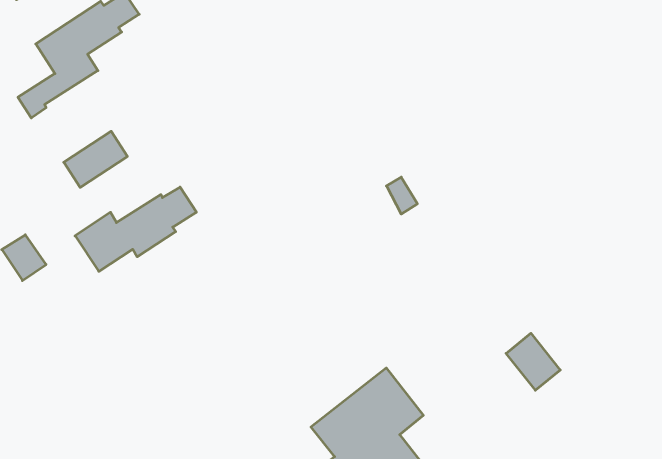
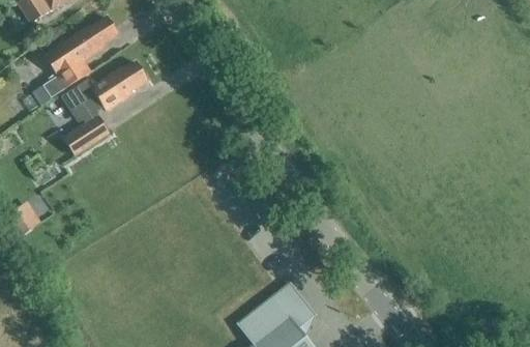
building: [75,187,196,271] -> [62,62,147,121]
building: [506,333,560,390] -> none

